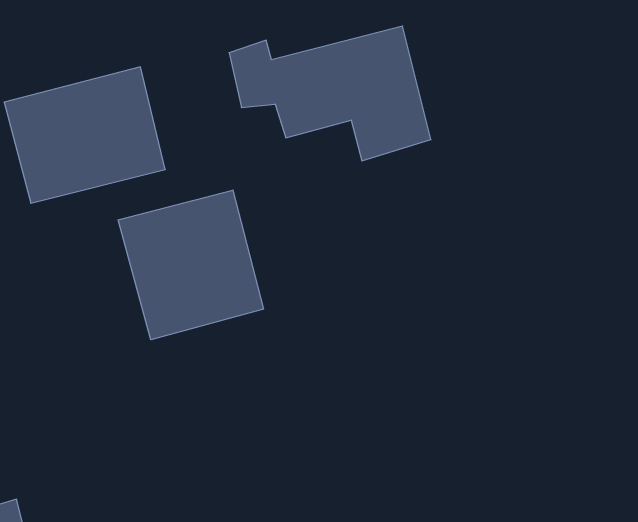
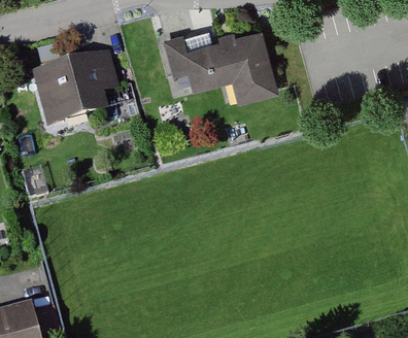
building: [118,190,263,340] -> none

